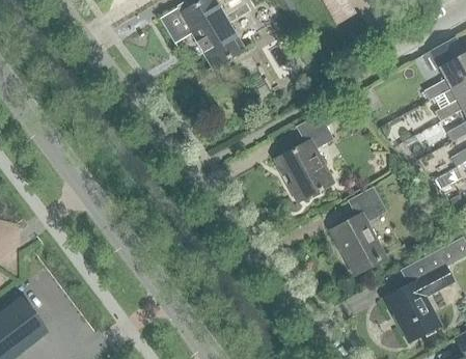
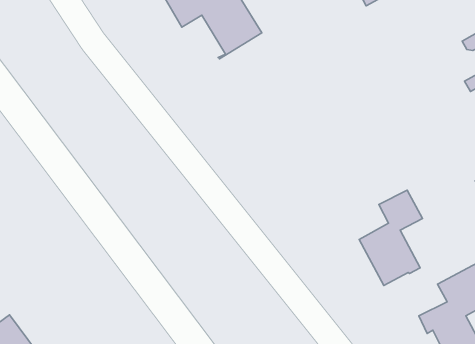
building: [274,104,344,199] -> none

